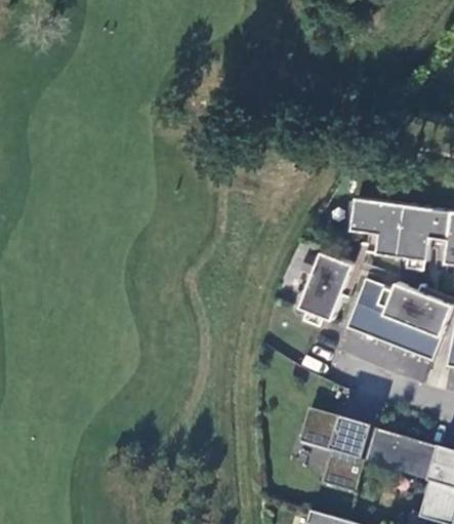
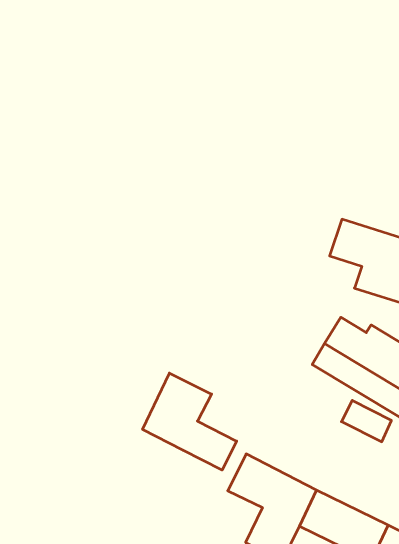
building: [299,251,354,320] -> none
building: none -> [143,373,237,470]

